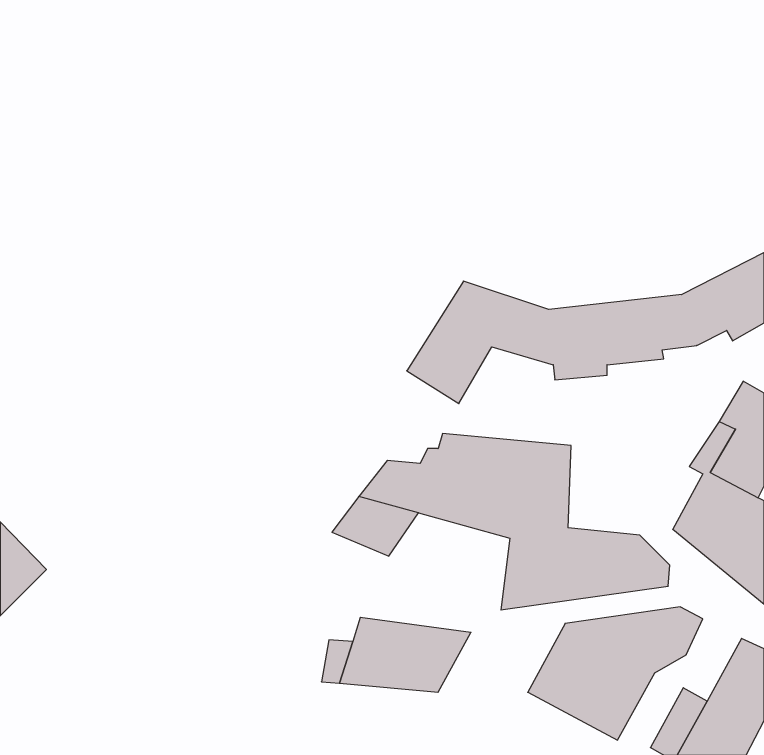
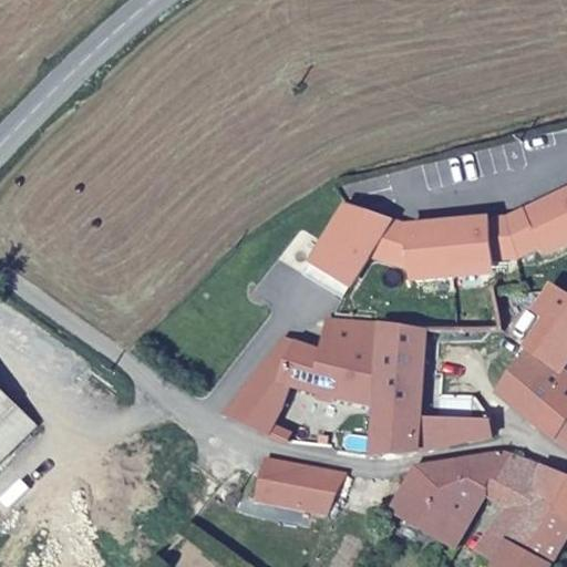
building: none -> [227,394,288,436]
building: none -> [485,458,549,519]

